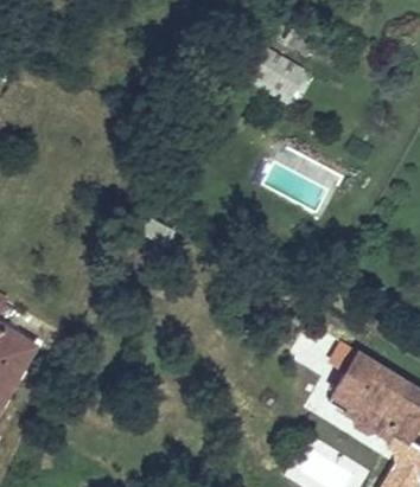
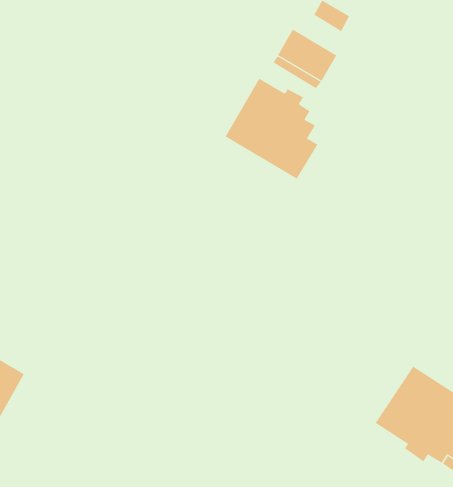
building: none -> [225,78,318,180]

